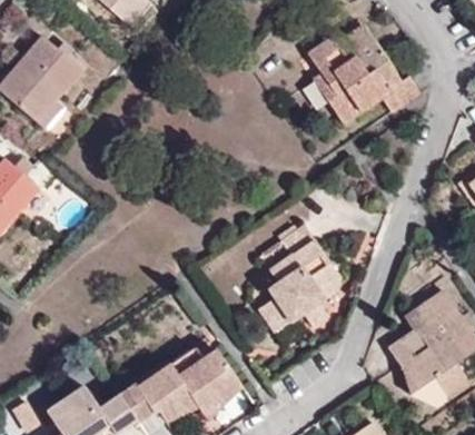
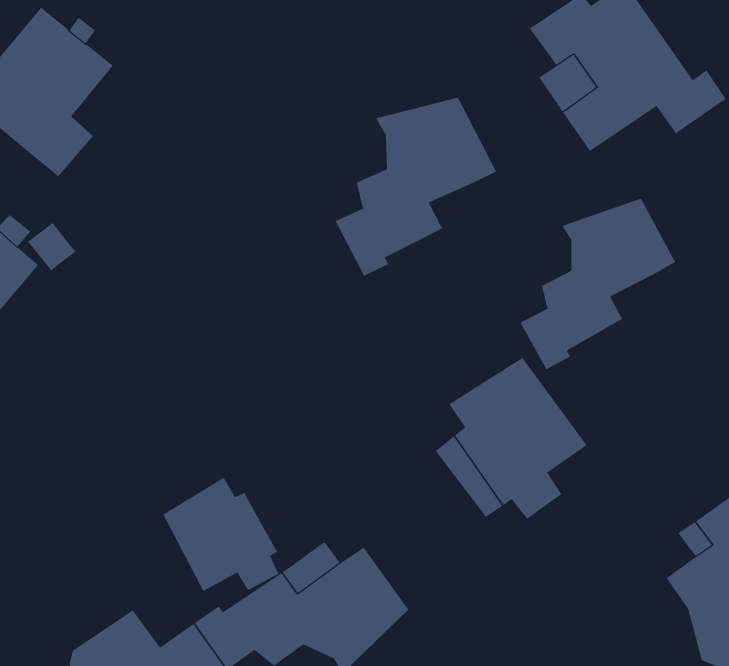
building: none -> [335,97,497,277]
building: none -> [520,198,676,370]
building: none -> [162,477,279,592]

